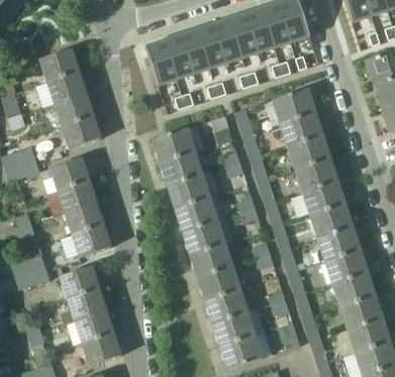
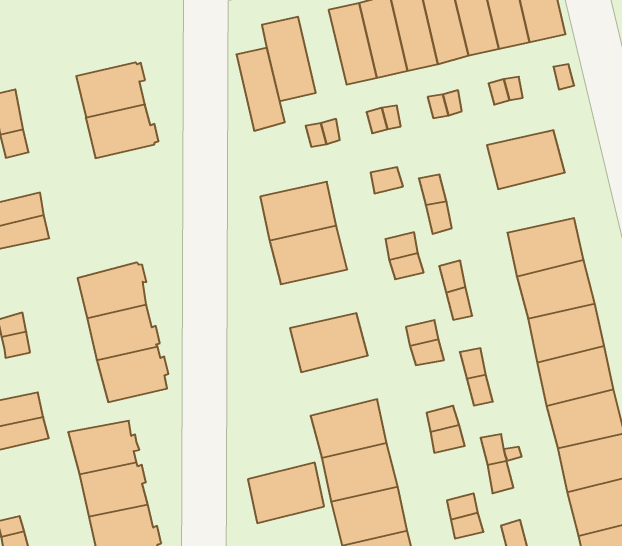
building: [165,33,194,79] -> [236,48,285,131]
building: [40,48,79,81] -> none
building: [280,111,323,146] -> none
building: [62,114,101,148] -> none
building: [51,157,89,190] -> none
building: [168,173,210,207] -> none
building: [183,218,225,254] -> [248,463,324,523]

